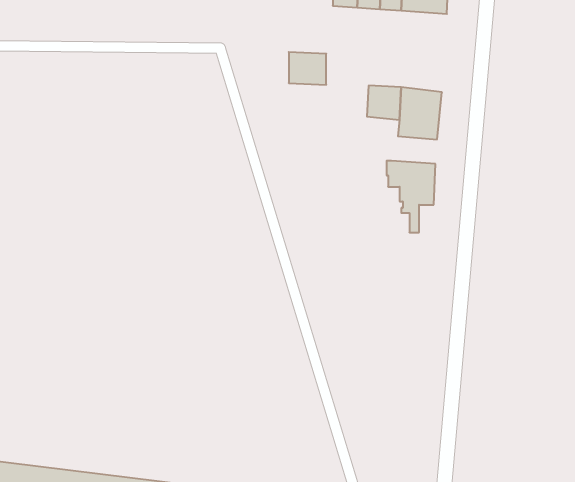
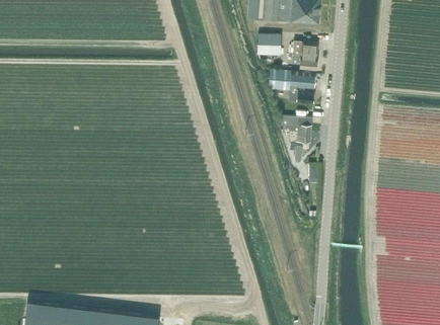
building: none -> [292,39,318,69]
building: [289,52,326,85] -> [256,33,280,54]

